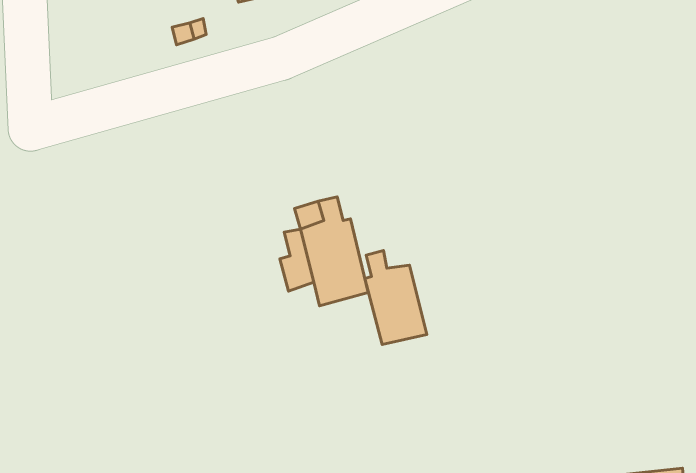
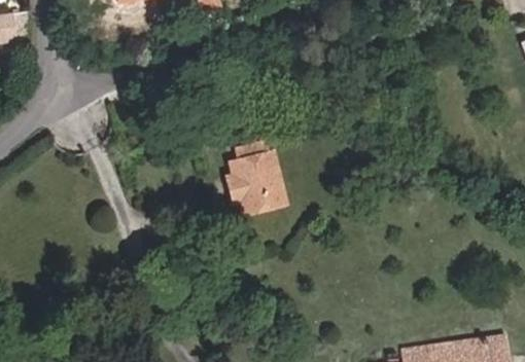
building: [365,251,427,345] -> none

